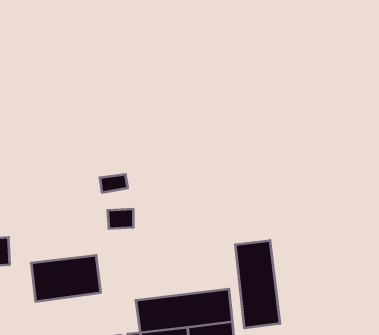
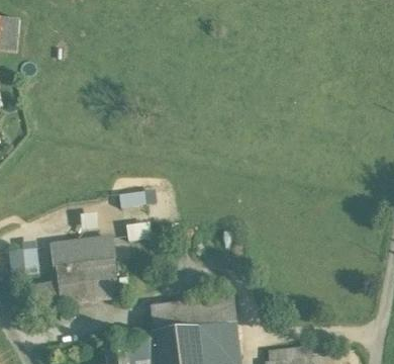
building: none -> [53,239,114,271]
building: [235,240,280,328] -> none

